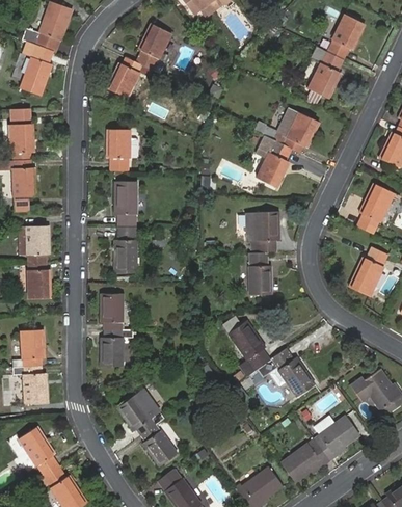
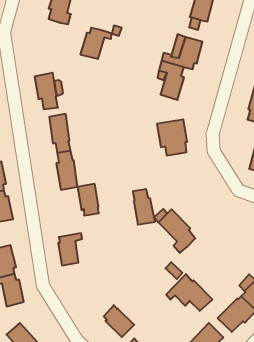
building: [107,58,150,98] -> [80,28,112,59]
building: [249,254,271,295] -> [133,189,155,225]
building: [101,294,123,330] -> [77,184,99,216]
building: [258,348,313,396] -> [166,274,212,311]
building: [116,395,163,436] -> none

